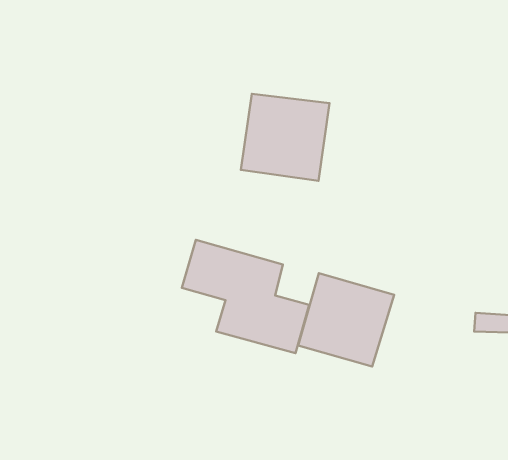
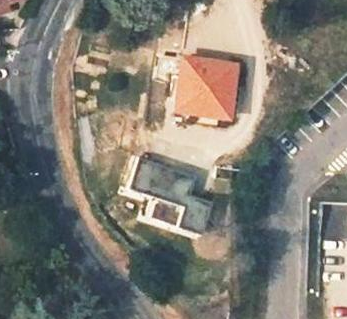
building: [298,273,394,366] -> none

